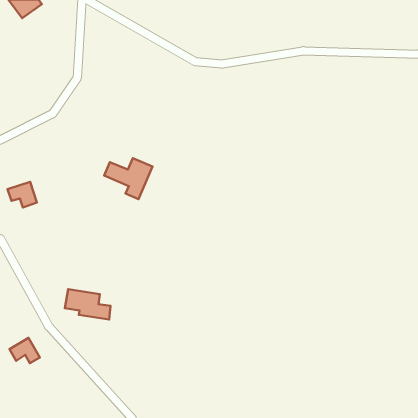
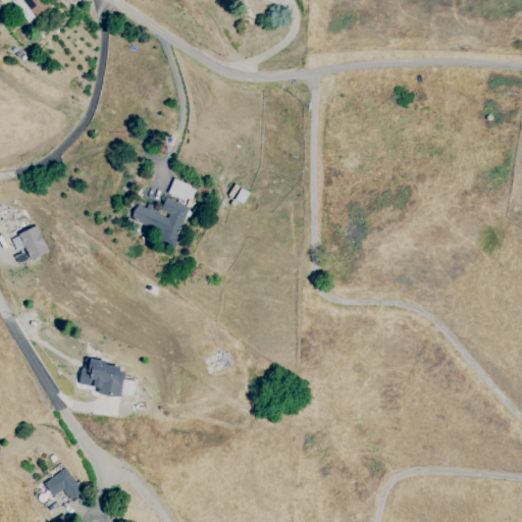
building: none -> [168,177,196,201]
building: [9,338,40,363] -> [44,467,82,499]

